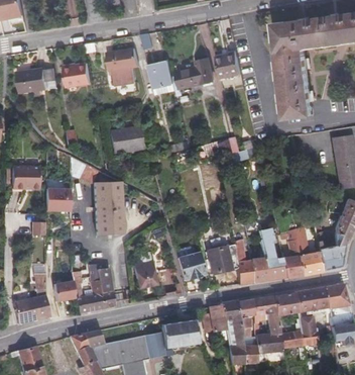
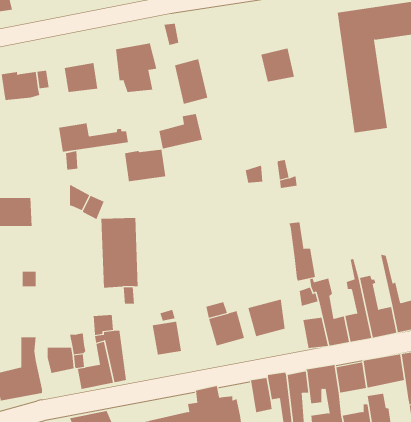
building: [180,60,214,87] -> [158,114,203,149]
building: none -> [59,122,128,153]
building: [44,187,70,209] -> none
building: [232,241,253,286] -> [288,222,316,281]

